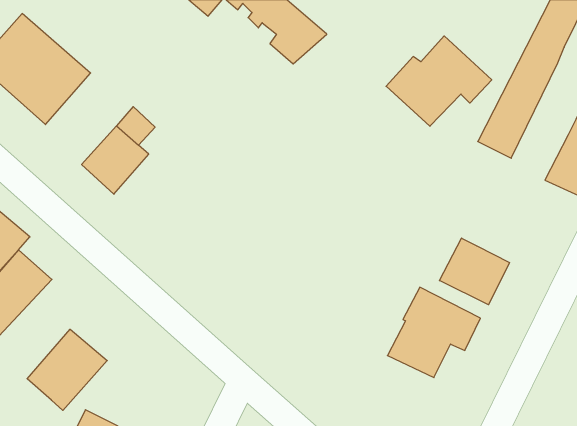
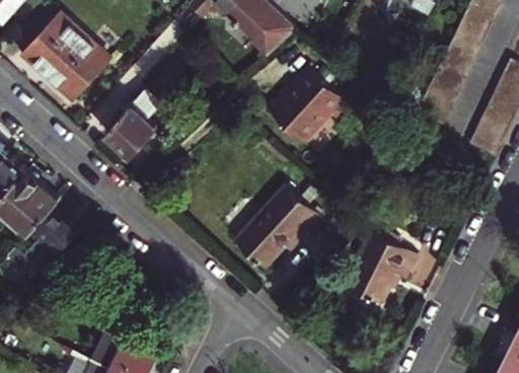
building: [386,36,492,126] -> [262,68,345,139]
building: none -> [237,183,324,267]
building: [439,238,509,305] -> none
building: [27,329,107,410] -> none

